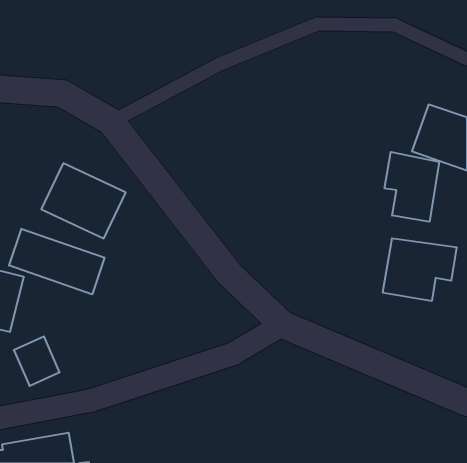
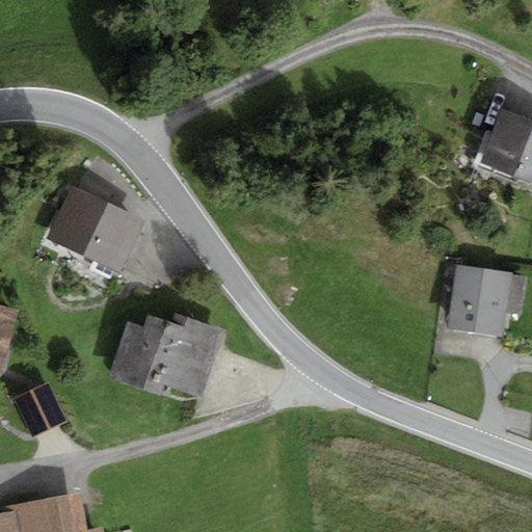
building: [385,152,439,222] -> none
building: [9,229,104,294] -> none
building: none -> [121,312,235,399]

